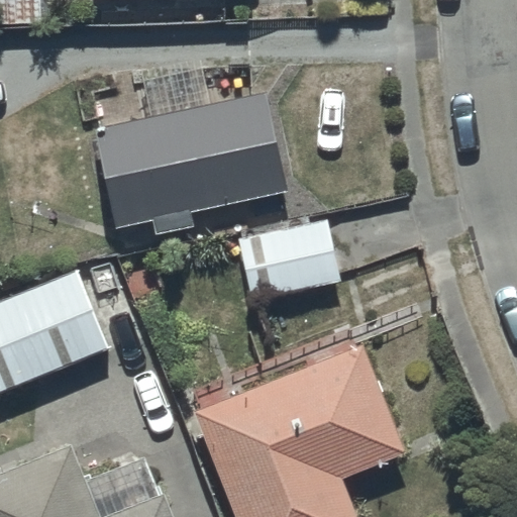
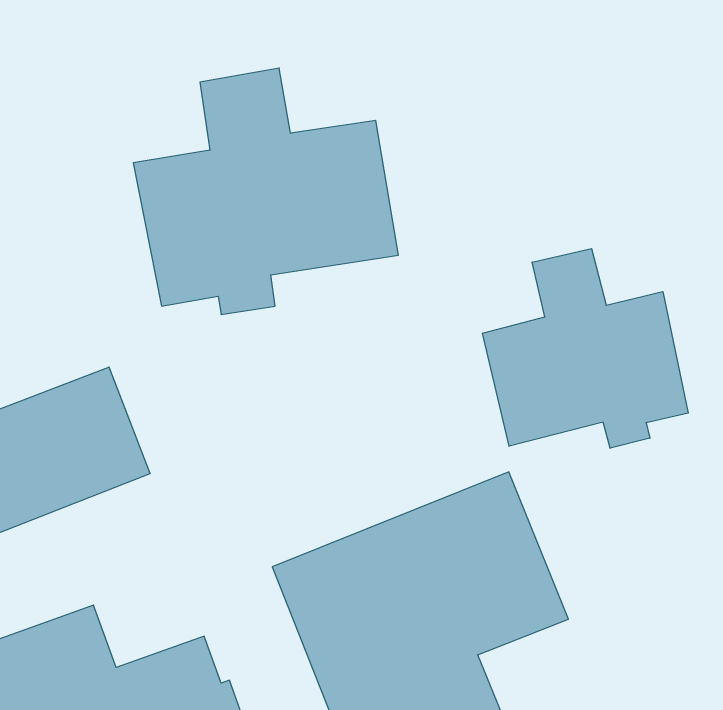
building: none -> [482,249,688,448]
building: [237,221,346,304] -> none

